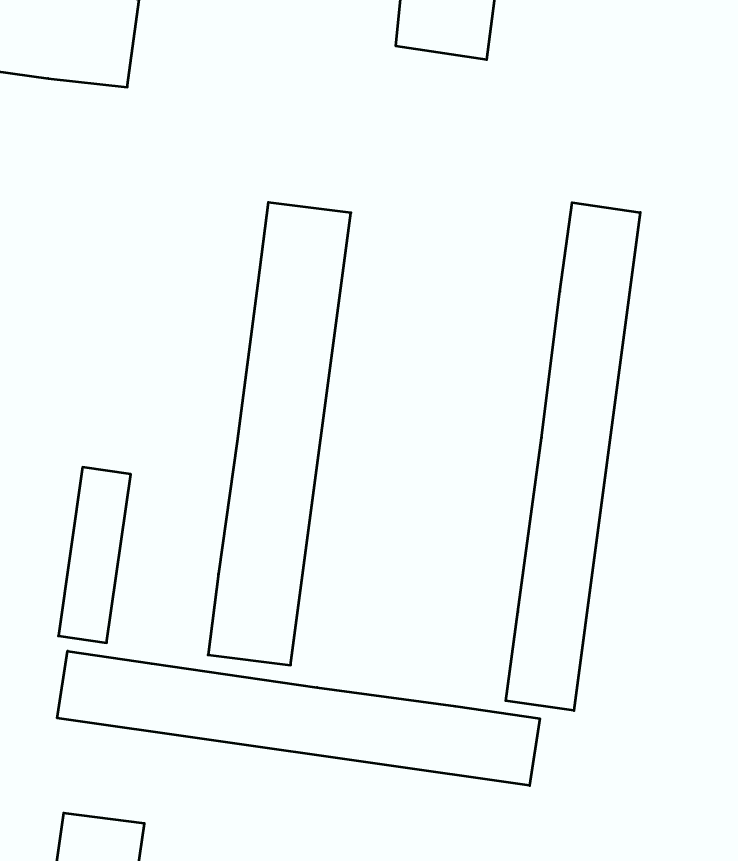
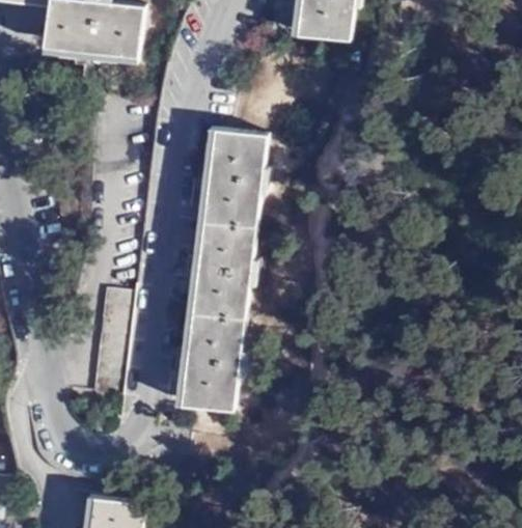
building: [506,203,640,711] -> none
building: [57,651,540,786] -> none

